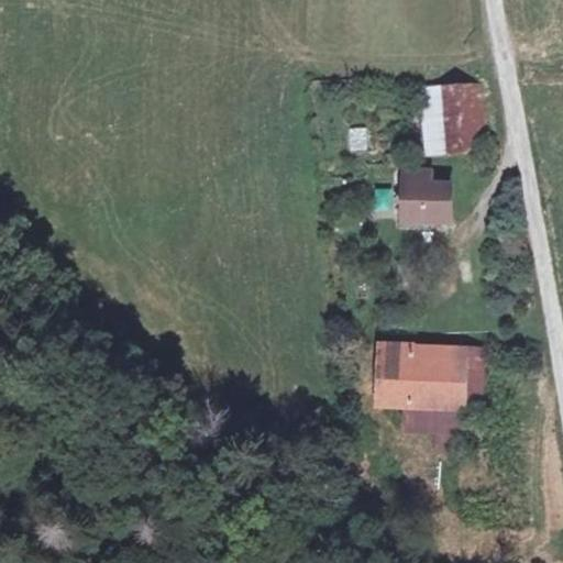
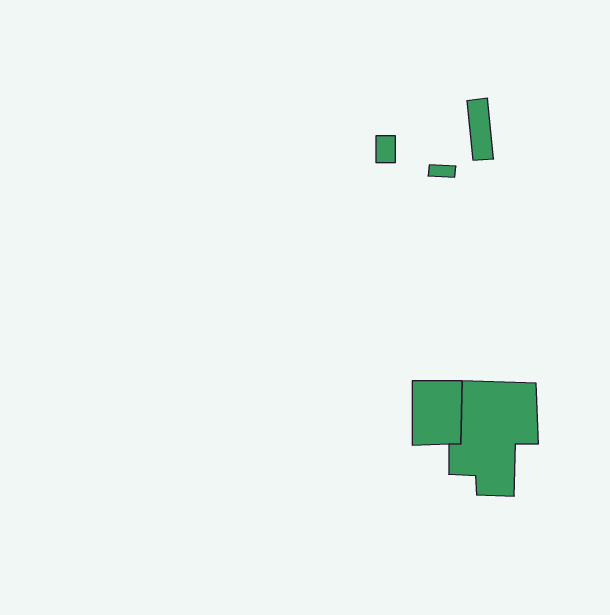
building: [442,86,487,144] -> none
building: [397,167,450,217] -> none

